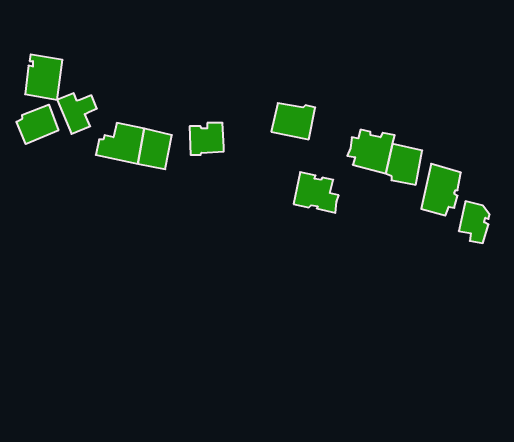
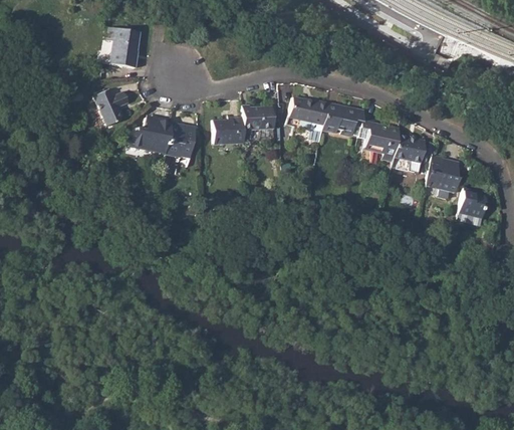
building: [25,54,63,100] -> [105,26,140,67]
building: [16,105,58,144] -> none
building: none -> [244,104,275,138]
building: [294,172,339,213] -> [322,101,363,139]

